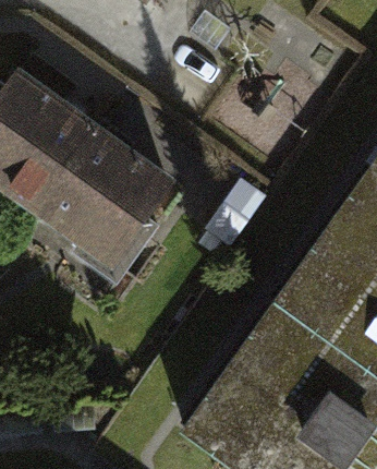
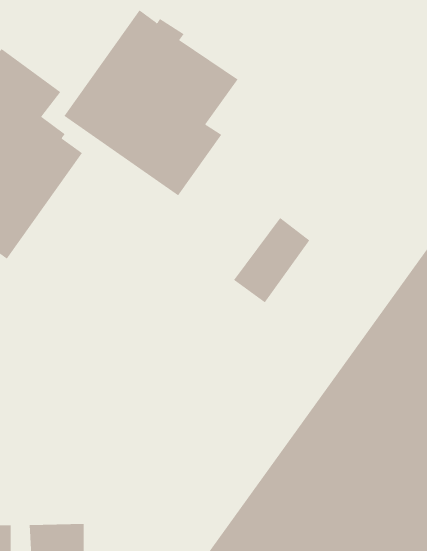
building: [35,130,166,269] -> [63,10,238,196]

